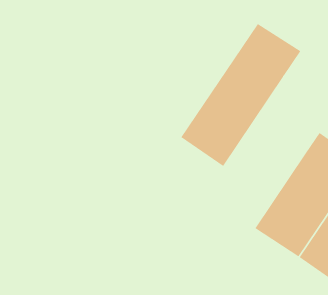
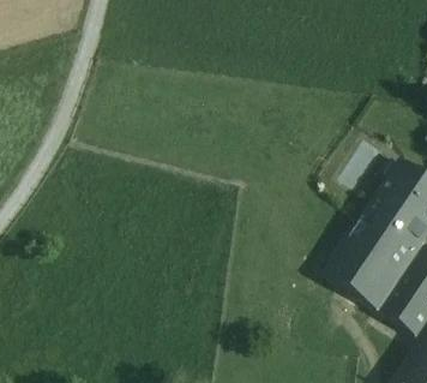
building: [181,23,301,167] -> none

